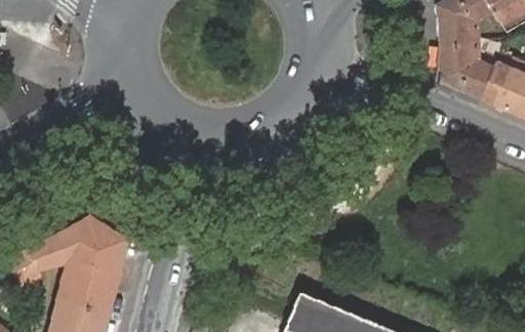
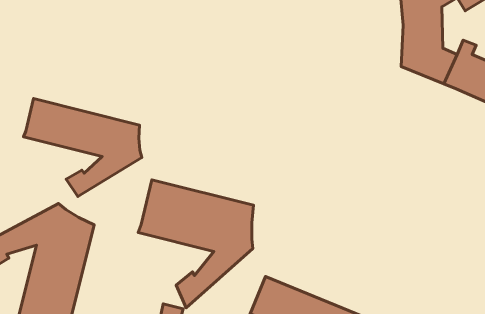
building: none -> [24,99,142,196]
building: none -> [138,180,254,308]

